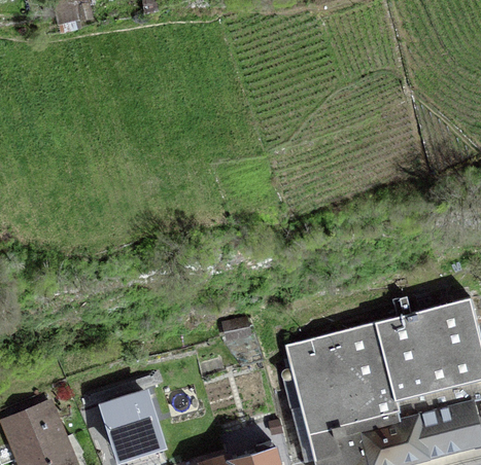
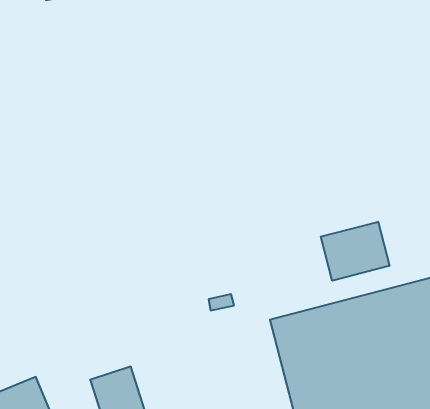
building: none -> [321,222,389,281]

